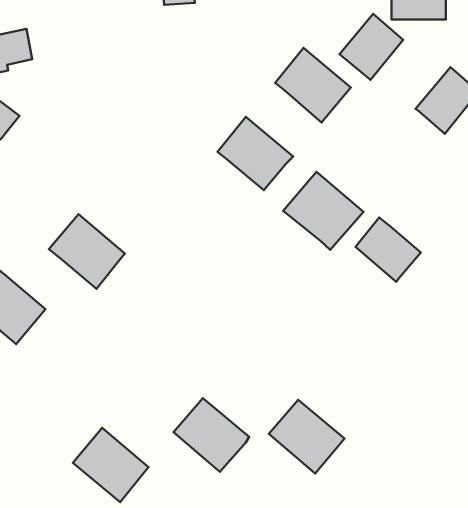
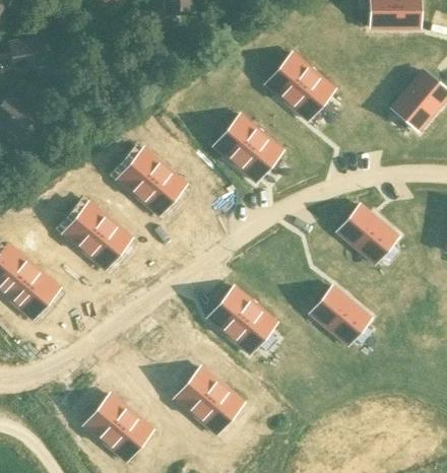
building: [340,14,403,80] -> none
building: none -> [119,147,187,214]
building: [283,172,363,250] -> none
building: none -> [312,285,371,343]
building: [269,400,344,473] -> [209,286,277,352]

